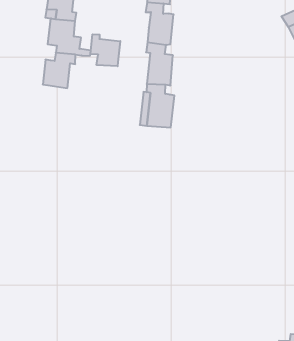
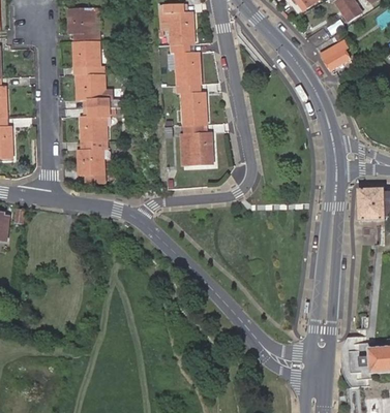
building: [90,34,120,66] -> none
building: none -> [74,139,104,174]

